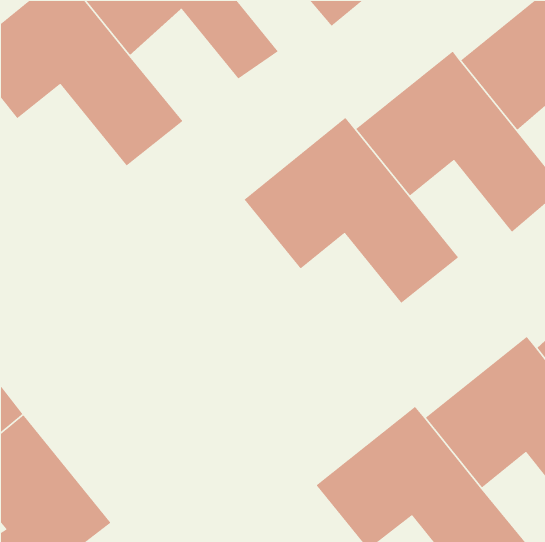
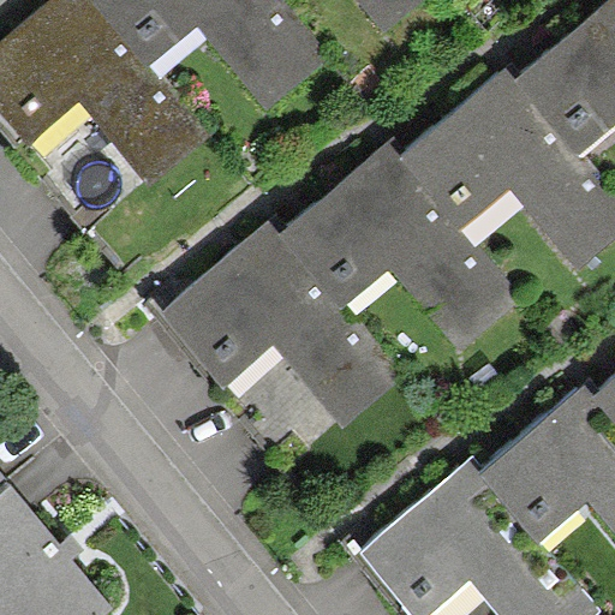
building: none -> [154,216,399,432]

